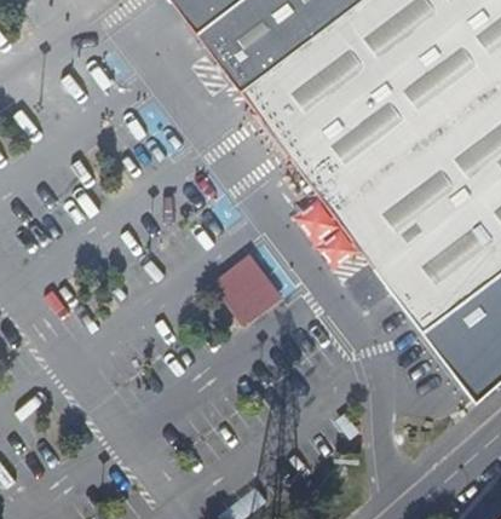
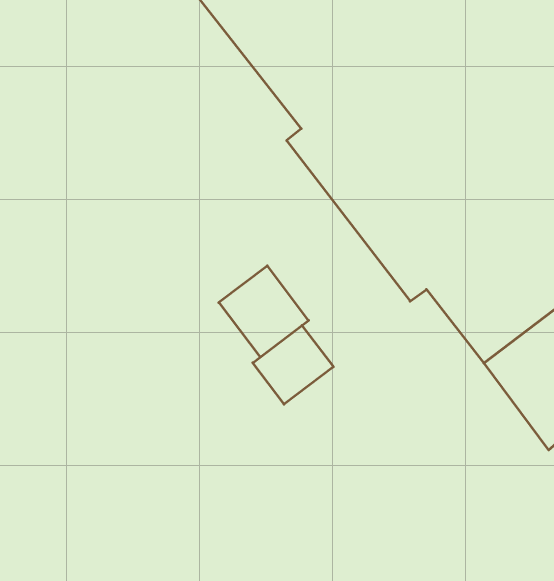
building: none -> [253,325,333,404]

